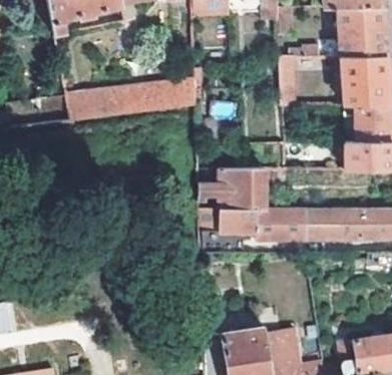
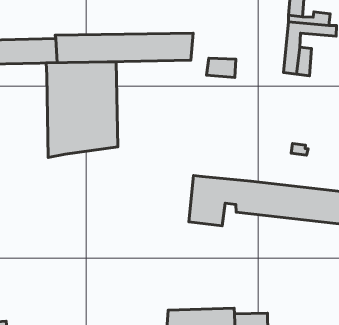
building: none -> [46,62,118,158]
building: [199,170,265,211] -> none

